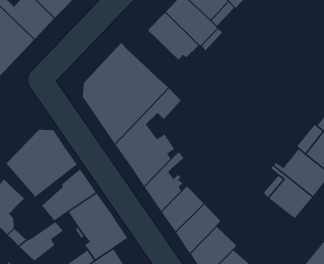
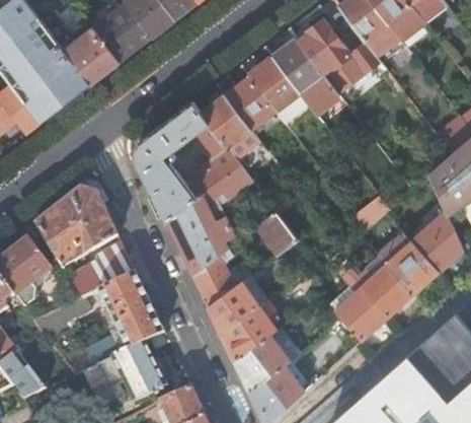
building: none -> [200,93,260,149]
building: none -> [258,213,298,255]

